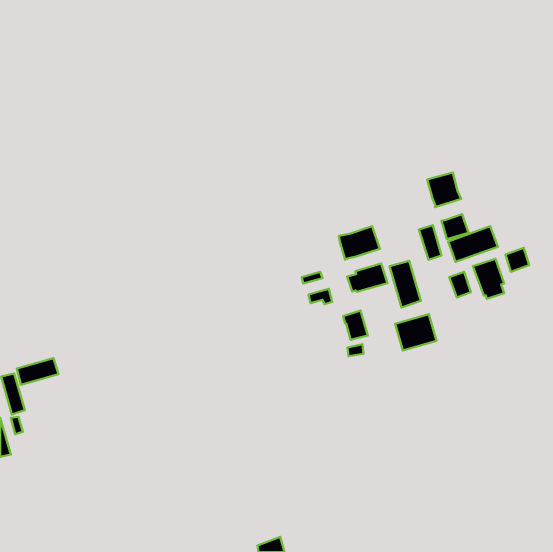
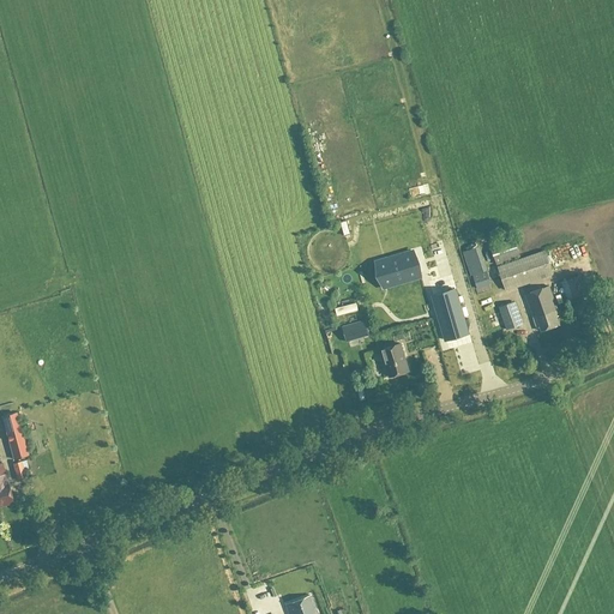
building: [427,173,461,207] -> none
building: [347,263,388,292] -> none
building: [395,314,436,350] -> none
building: [17,358,58,385] -> none

